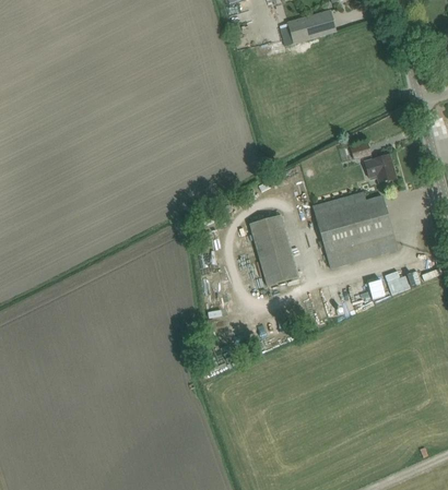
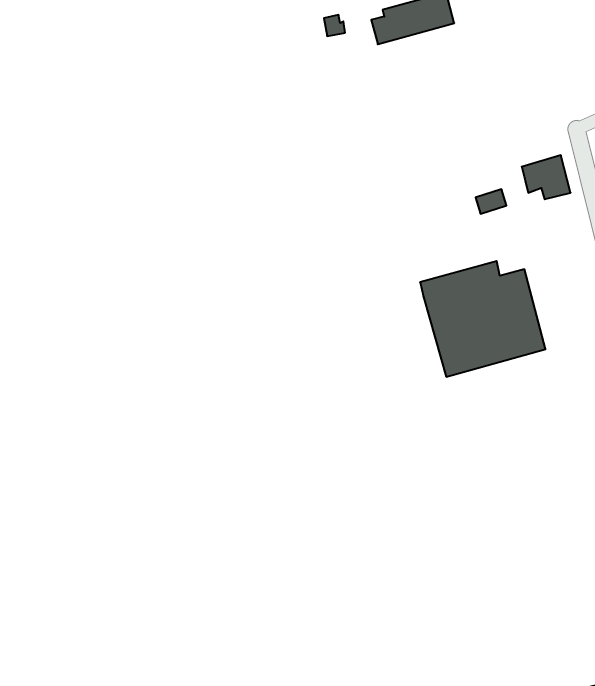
building: [364,153,397,182] -> [522,155,571,199]
building: [259,212,305,280] -> none

